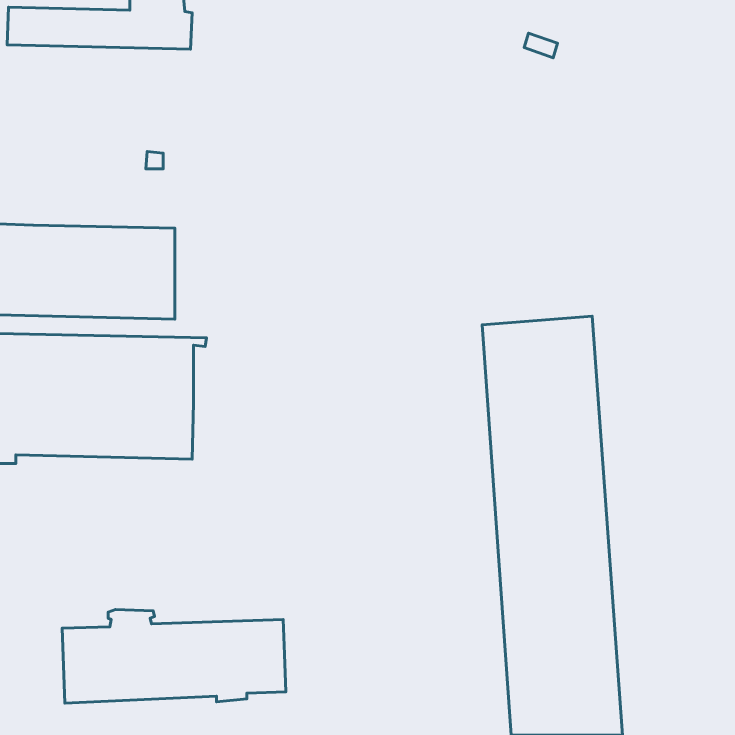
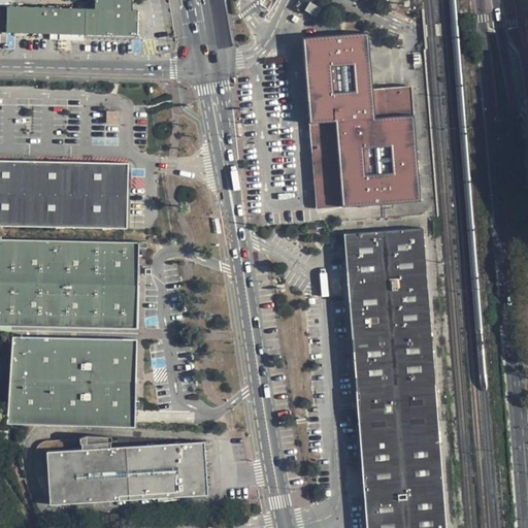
building: none -> [299,31,424,216]
building: none -> [9,335,136,426]

